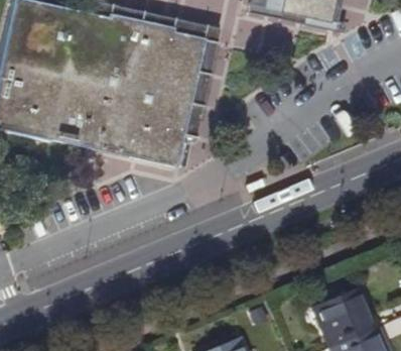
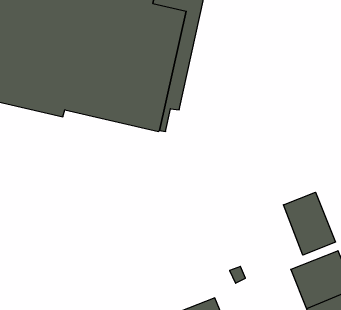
building: none -> [283,192,336,255]

